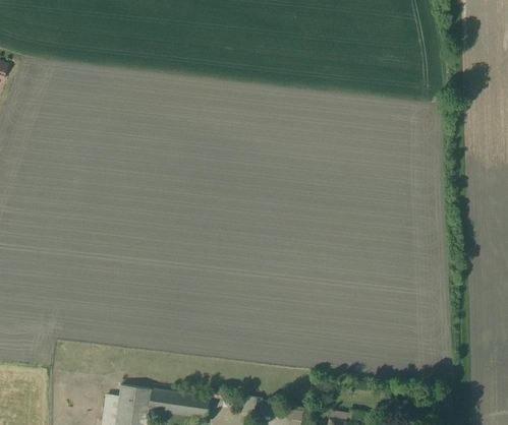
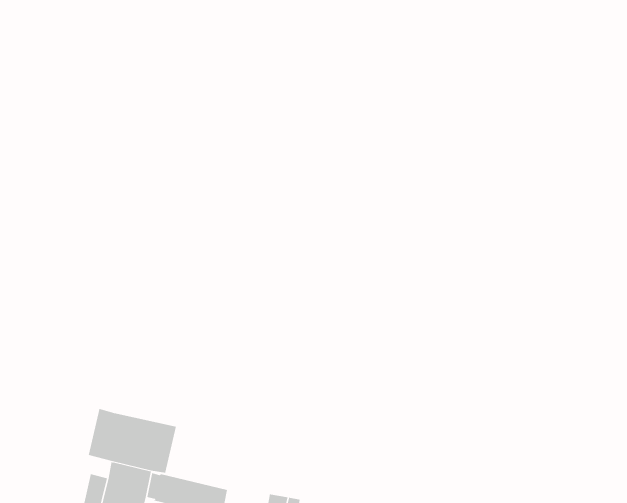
building: none -> [88,408,177,474]

